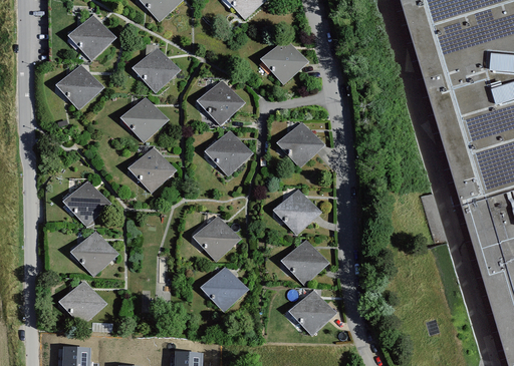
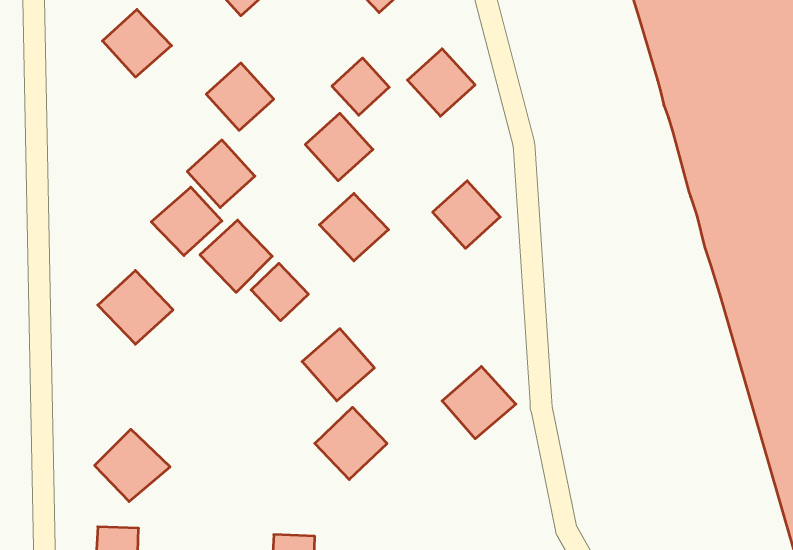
building: none -> [332,58,389,115]
building: [55,64,98,107] -> none
building: none -> [151,187,222,256]
building: none -> [251,263,308,321]
building: [276,191,321,236] -> none
building: [72,232,118,278] -> none
building: [291,292,336,336] -> none

